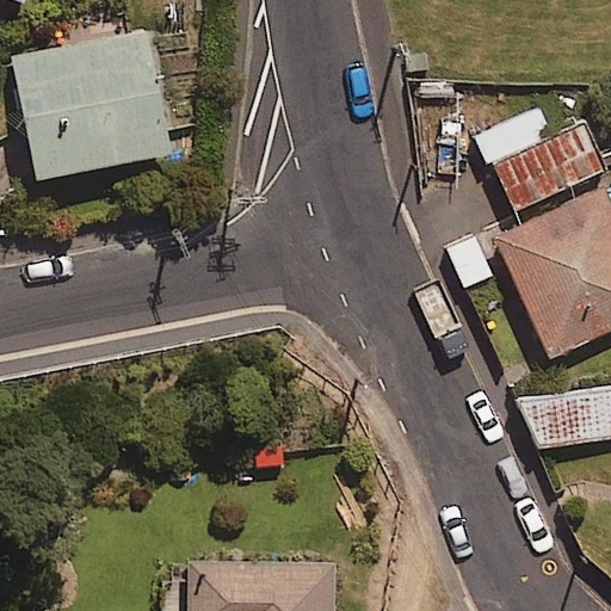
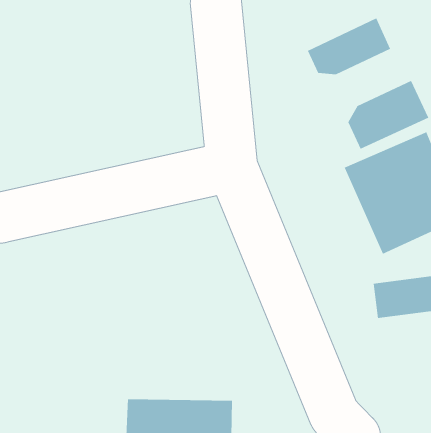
building: none -> [307,17,391,75]
building: [20,31,175,173] -> none

